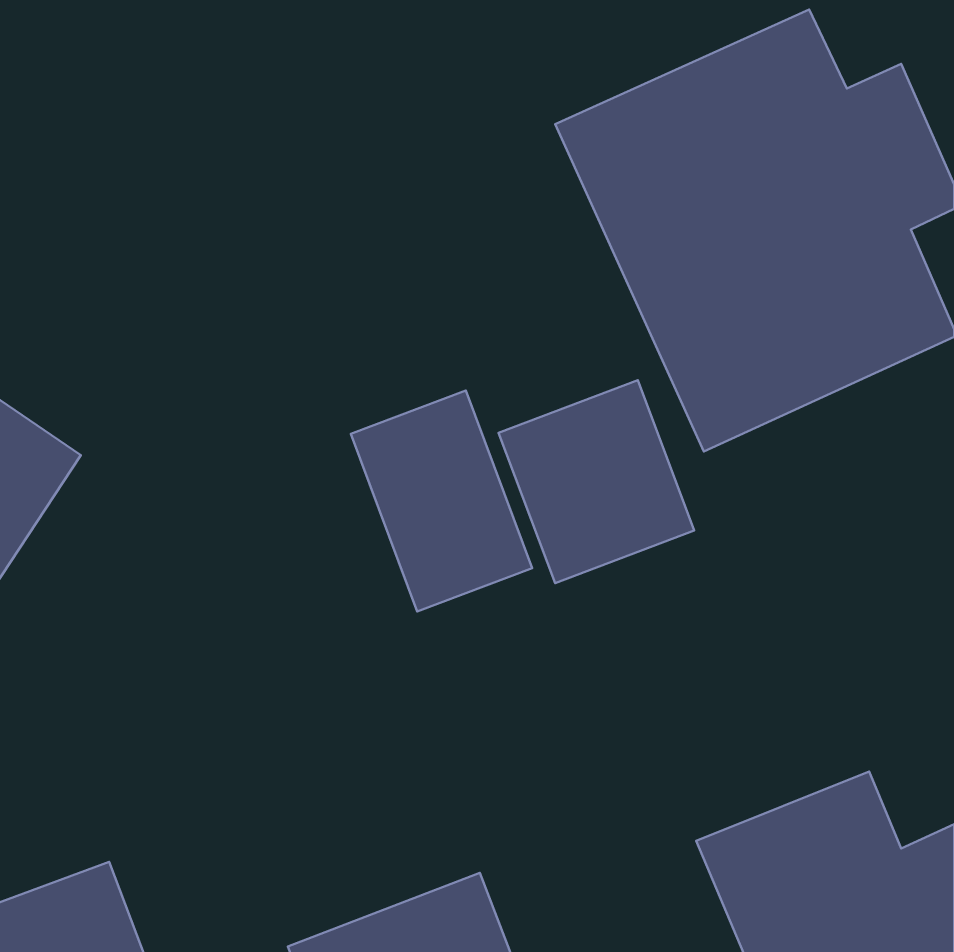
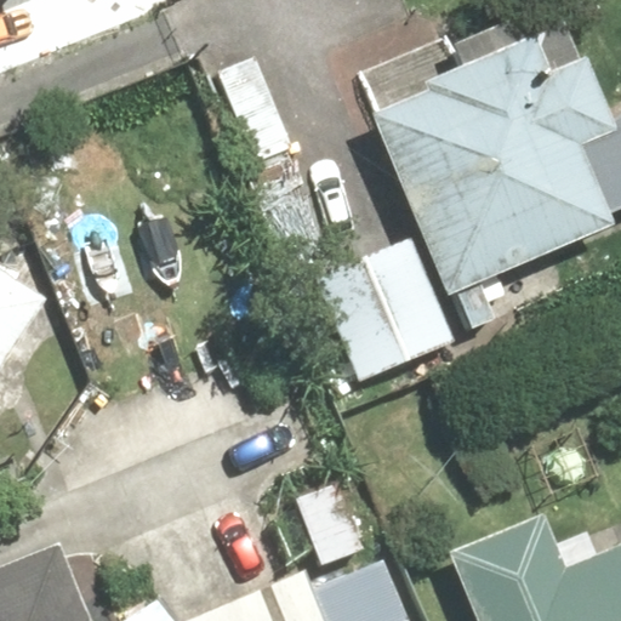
building: [351,391,532,611] -> none

